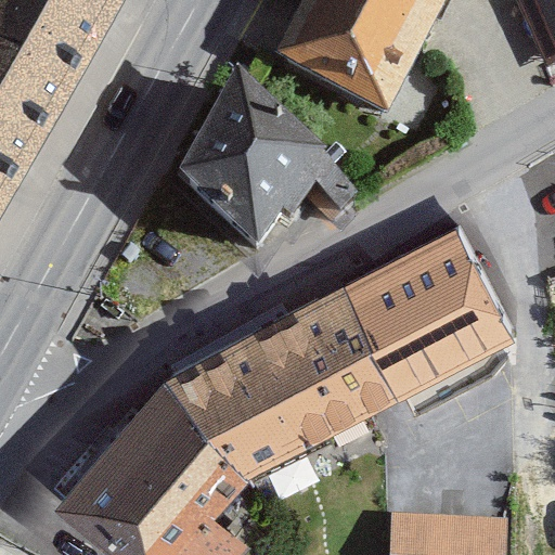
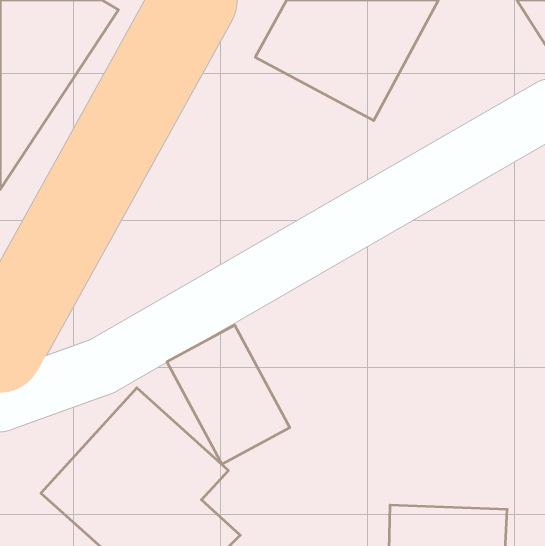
building: [185,66,364,249] -> none
building: [341,230,498,383] -> none
building: [254,291,385,434] -> none

